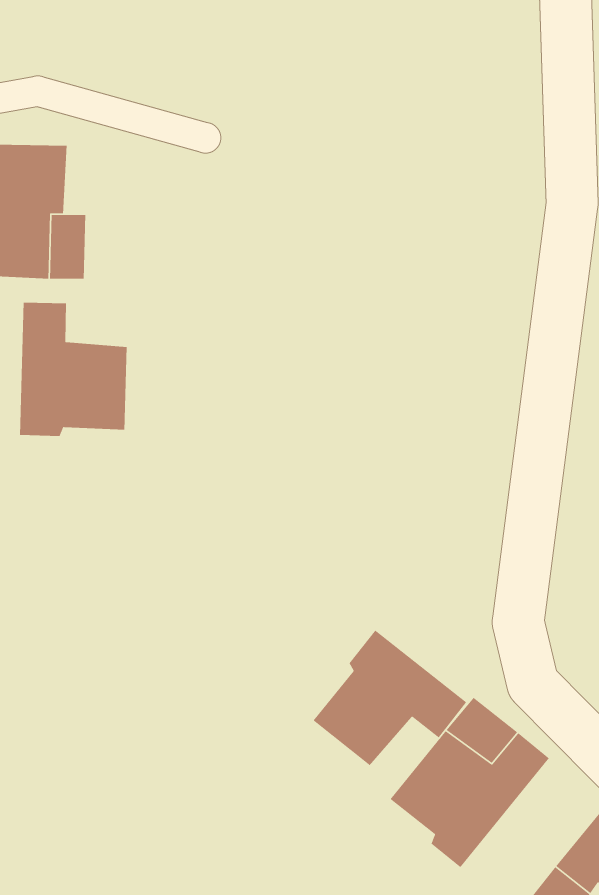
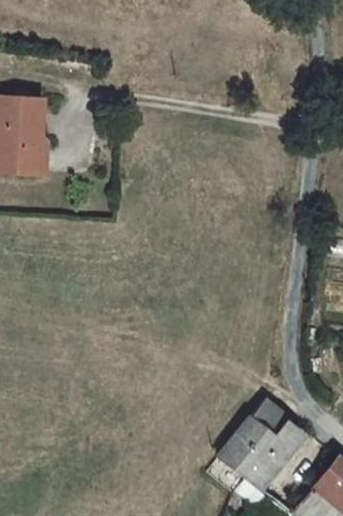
building: [19,302,128,437] -> none
building: [312,629,467,766] -> none

